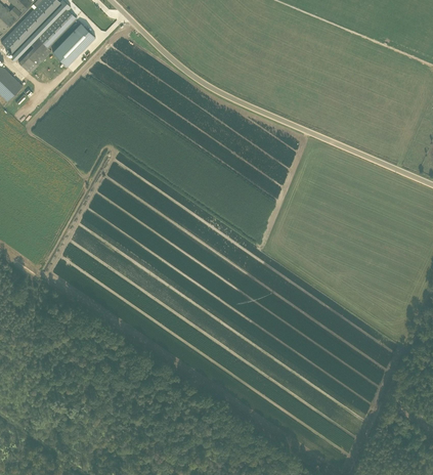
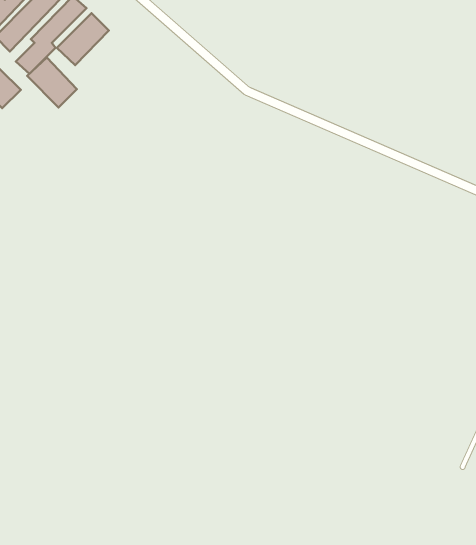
building: none -> [27,57,77,107]

